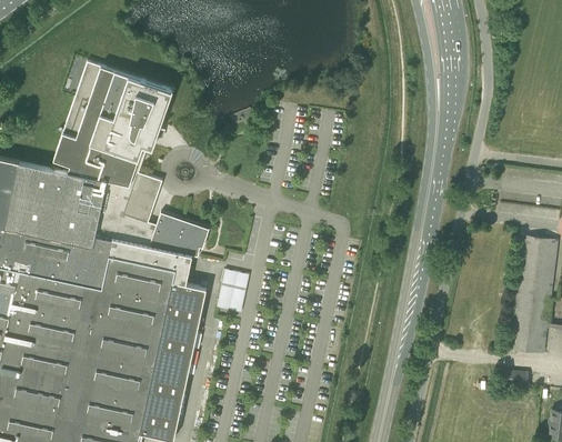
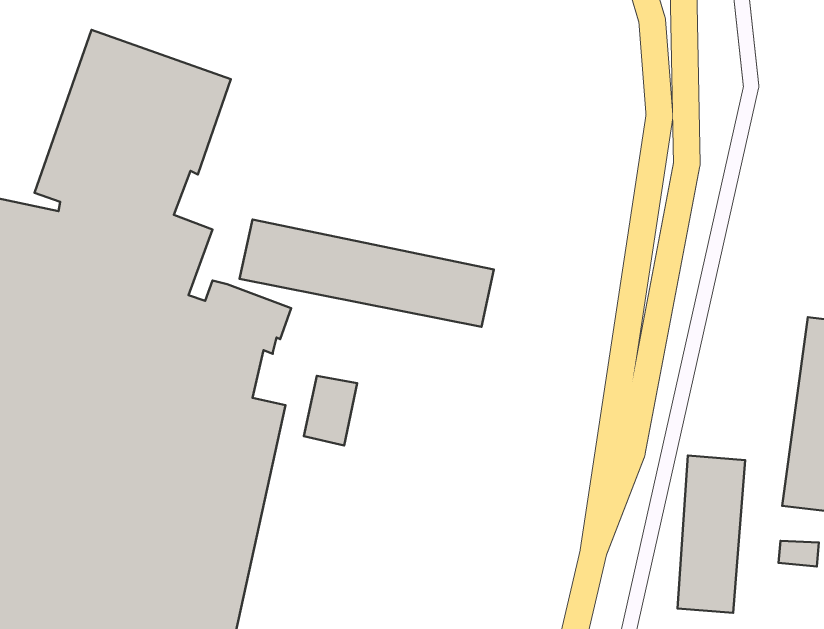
building: none -> [239,220,494,327]
building: none -> [678,455,745,613]

